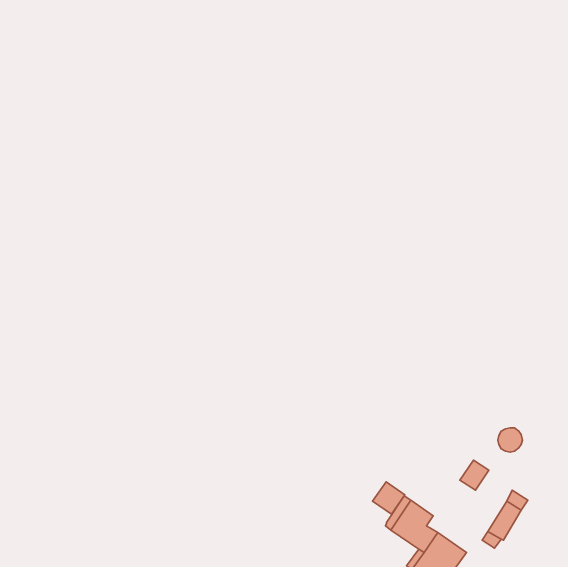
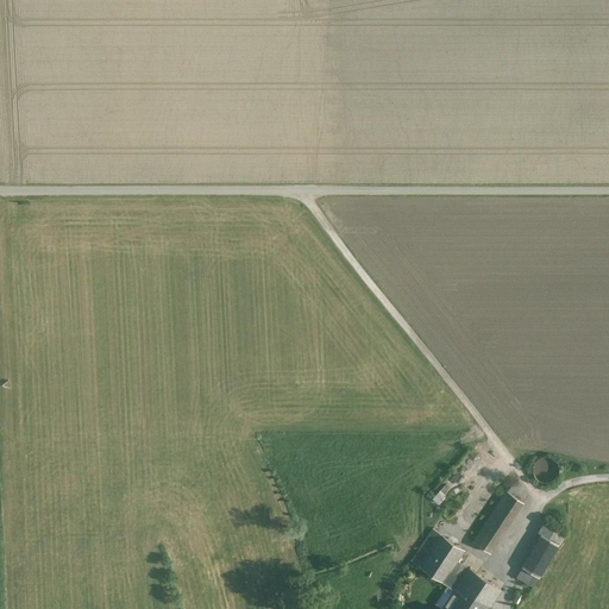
building: none -> [472,515,508,555]
building: [372,482,405,514] -> none

